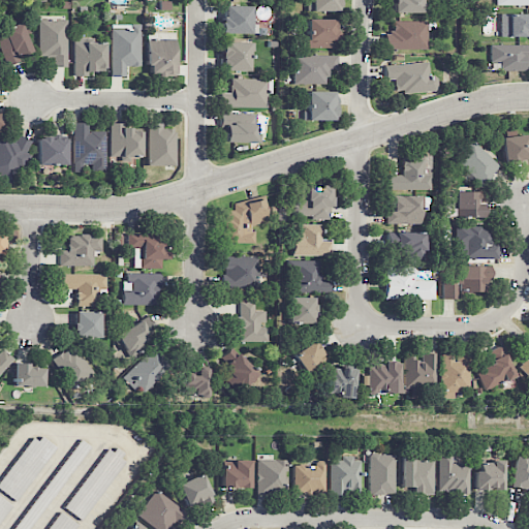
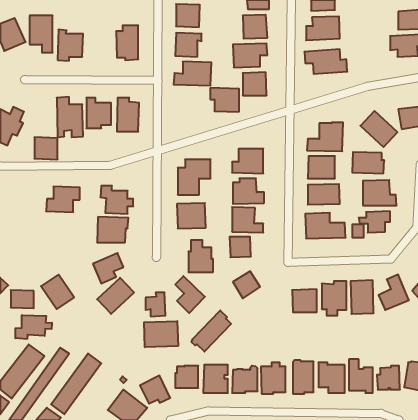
building: [114,24,143,76] -> none
building: [222,113,258,143] -> [210,88,239,112]
building: [39,137,68,165] -> [34,137,58,159]
building: [60,274,108,306] -> none
building: [76,311,102,339] -> none
building: [325,367,356,398] -> none
building: none -> [192,310,231,352]
building: none -> [15,315,52,339]
building: none -> [144,321,178,347]

